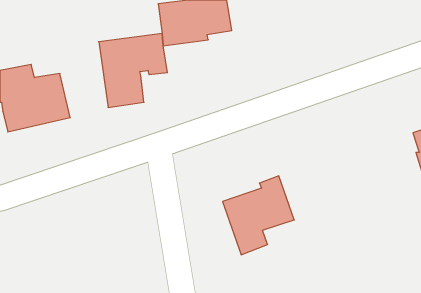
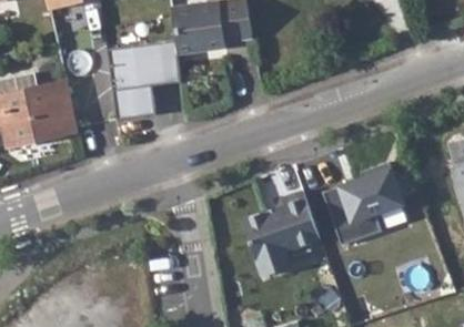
building: none -> [323,164,407,253]

